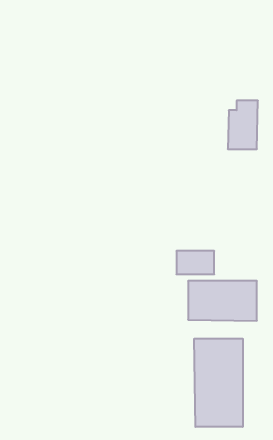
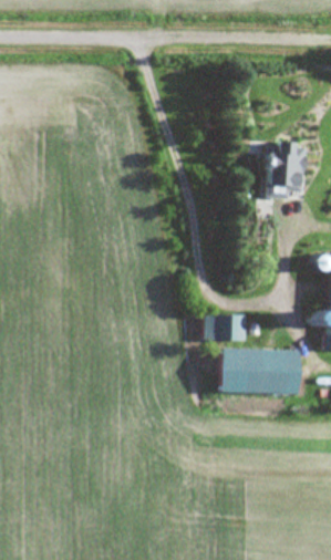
building: [194,339,243,427] -> none

